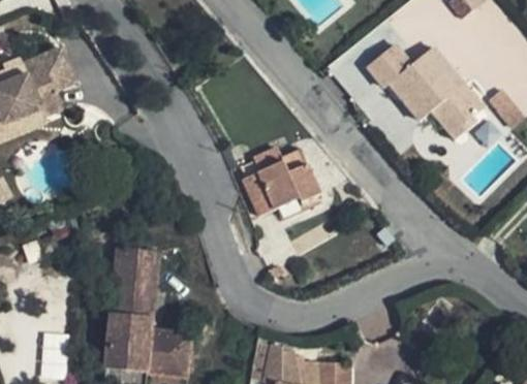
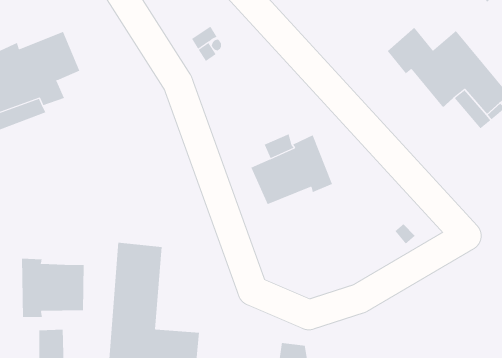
building: none -> [22,258,84,318]

